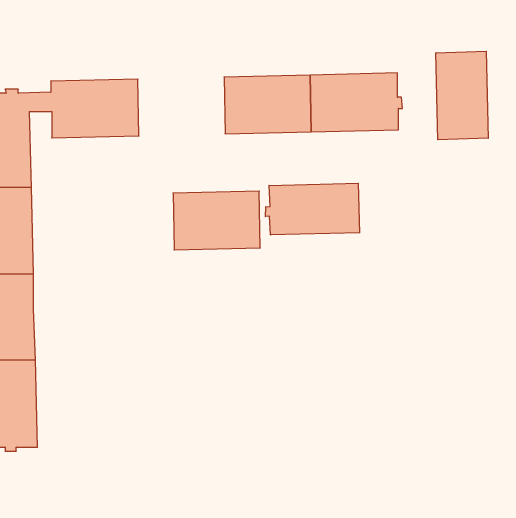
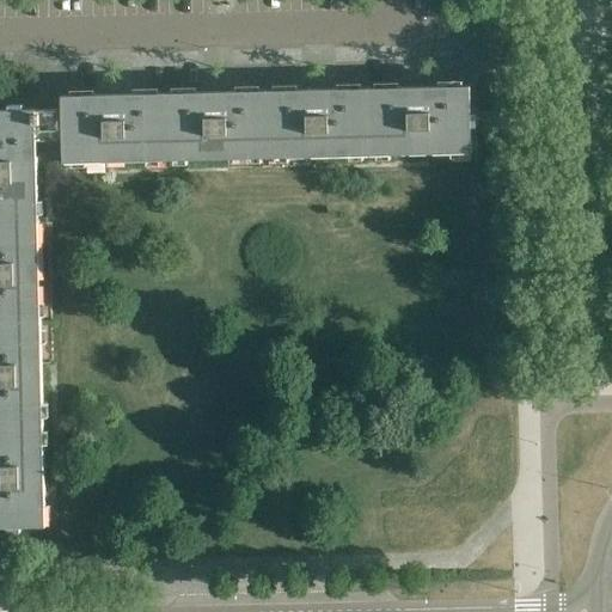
building: [436,51,488,140] -> none
building: [265,183,360,235] -> none
building: [173,191,260,250] -> [163,91,265,160]

